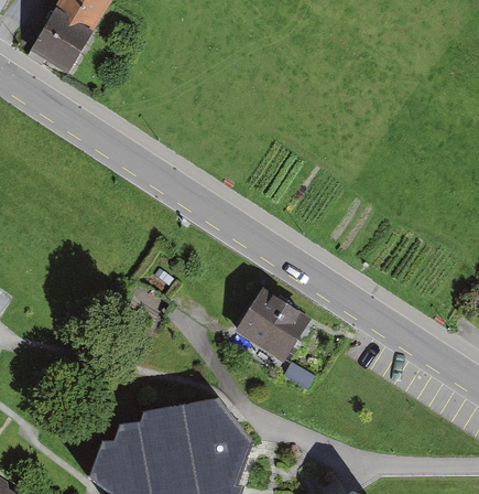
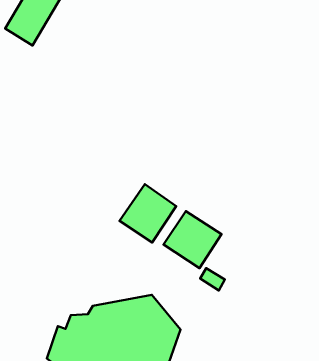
building: none -> [120,184,176,243]

